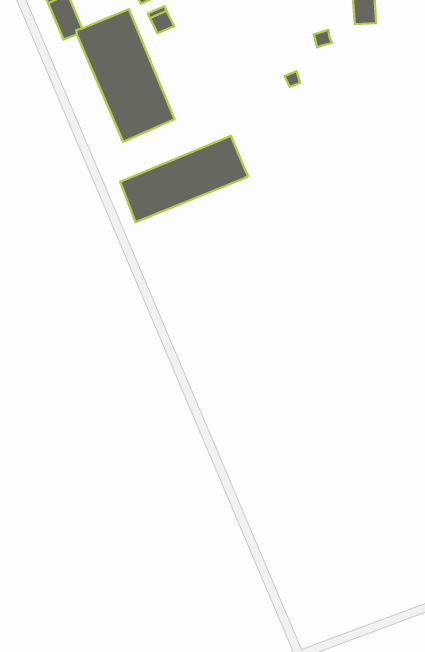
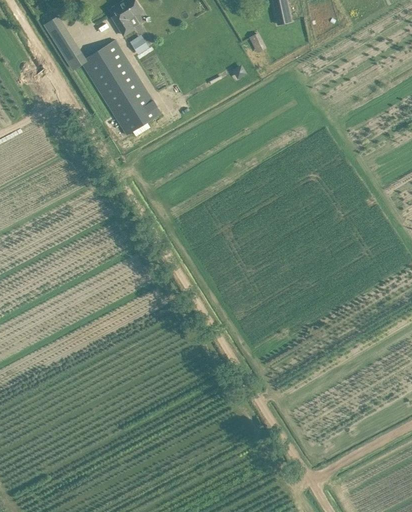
building: [120,136,248,222] -> none

